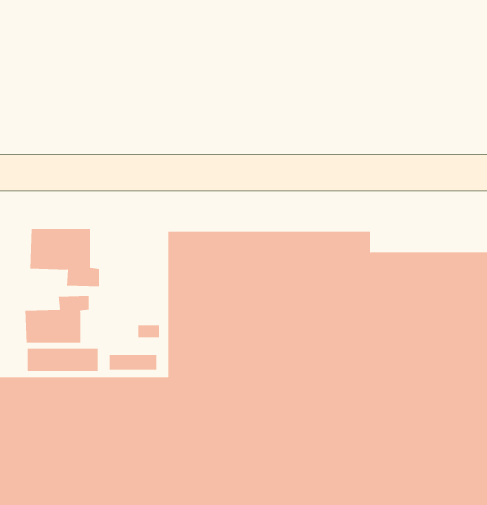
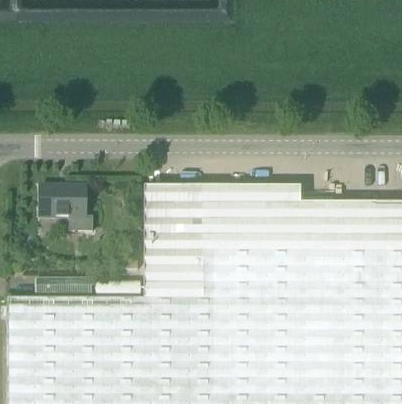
building: [25,295,89,343] -> none

